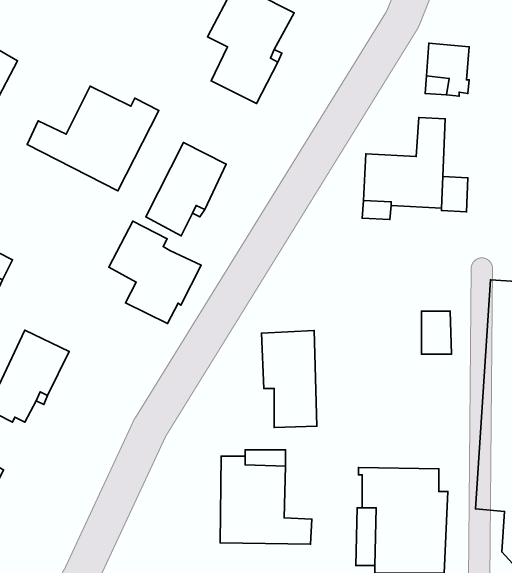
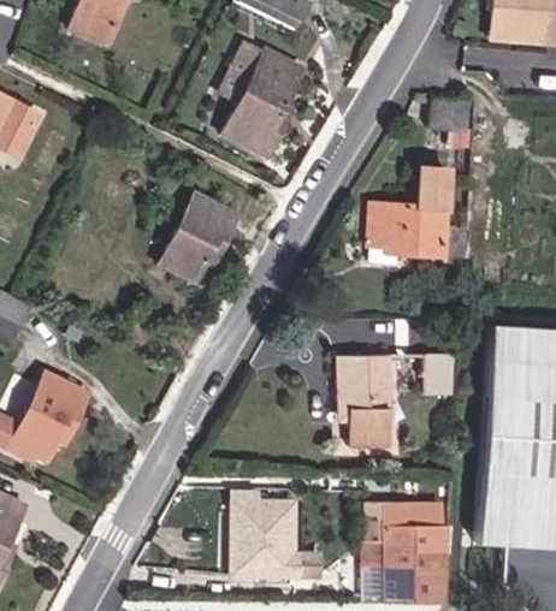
building: [27,86,159,191] -> none
building: [109,221,201,324] -> none
building: [261,331,317,427] -> [337,355,390,447]

